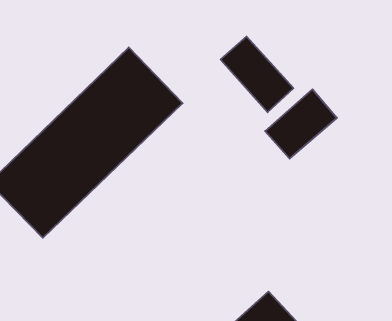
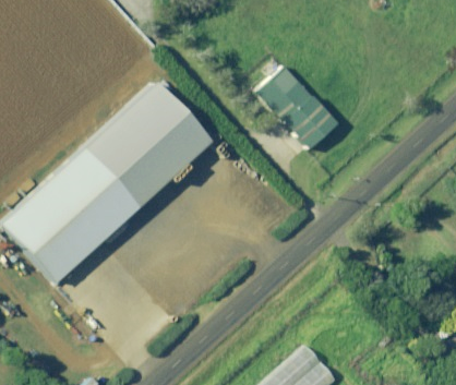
building: [265,89,337,159] -> none

